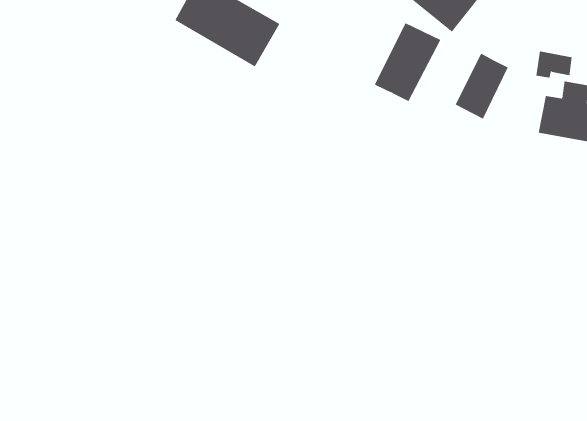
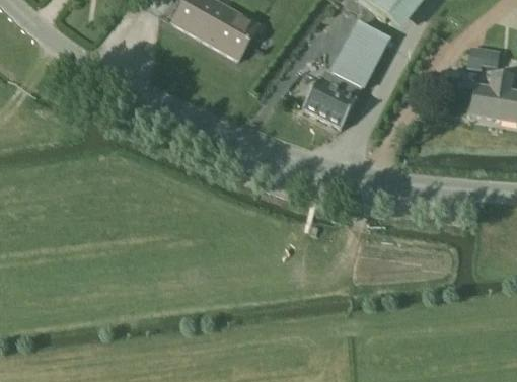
building: [455,53,509,120] -> none
building: none -> [301,68,361,128]

